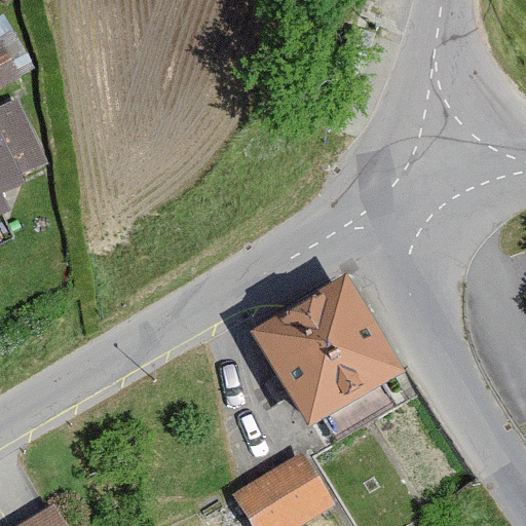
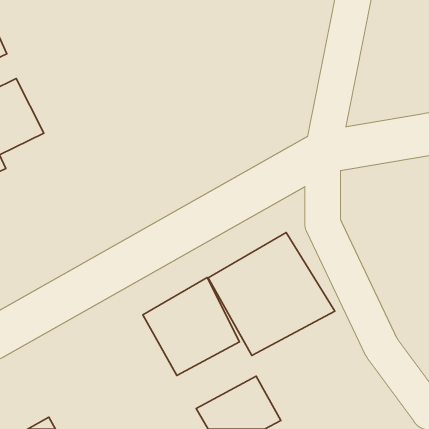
building: none -> [143,278,239,375]

